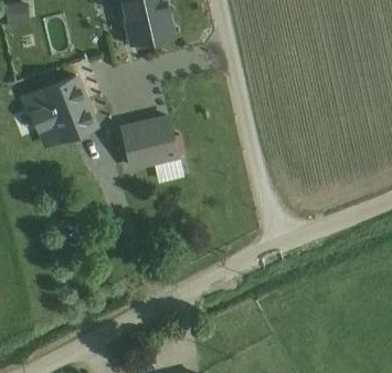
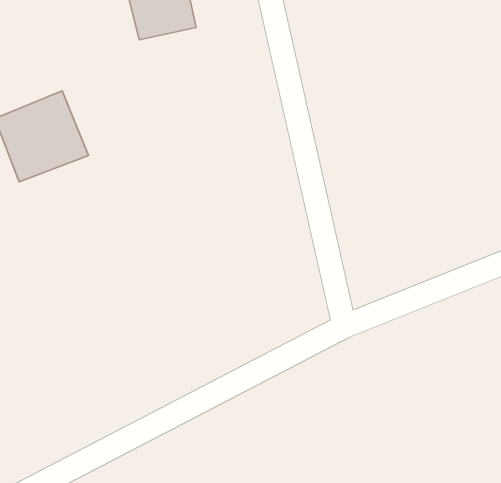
building: [123,118,177,168] -> none

